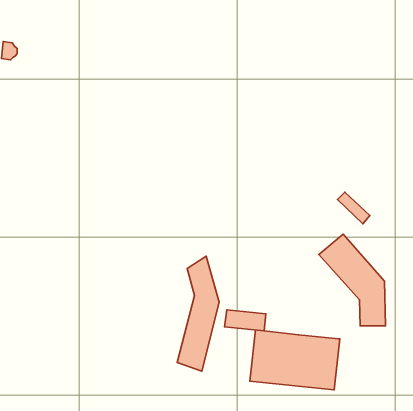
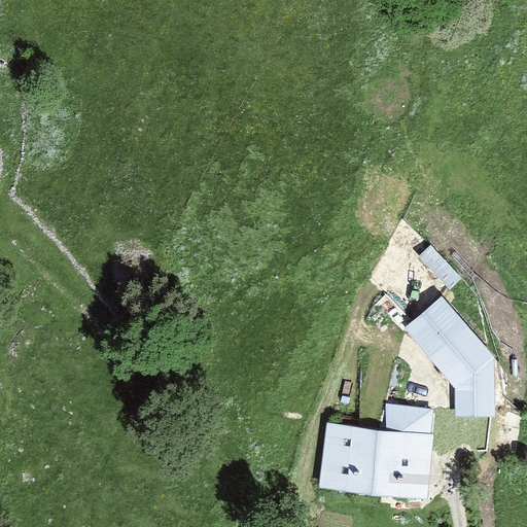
building: [177,256,219,371] -> none
building: [224,310,266,331] -> [381,408,433,434]

